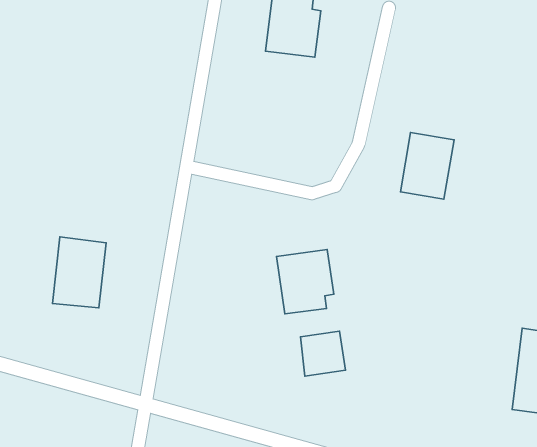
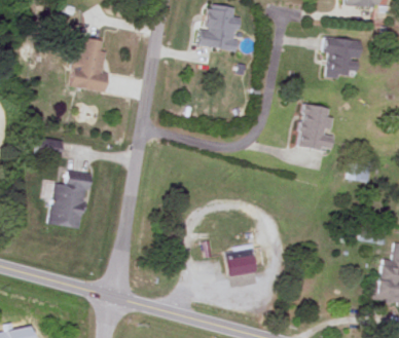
building: none -> [323,37,360,78]
building: none -> [70,39,108,91]
building: [277,250,334,314] -> none

